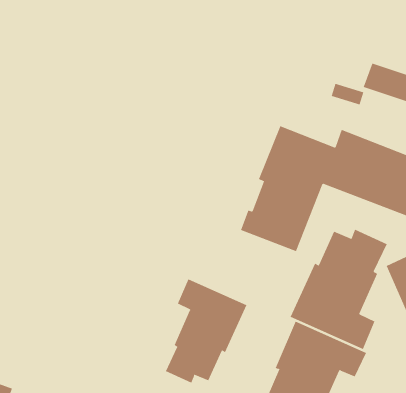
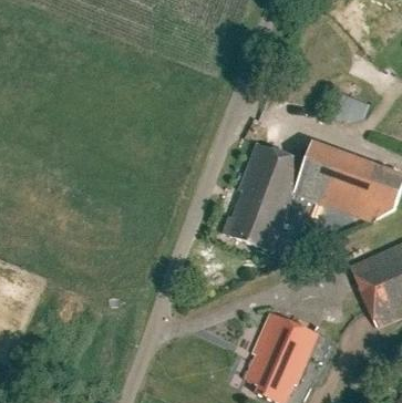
building: [290,229,387,350] -> none
building: [165,279,247,384] -> none

